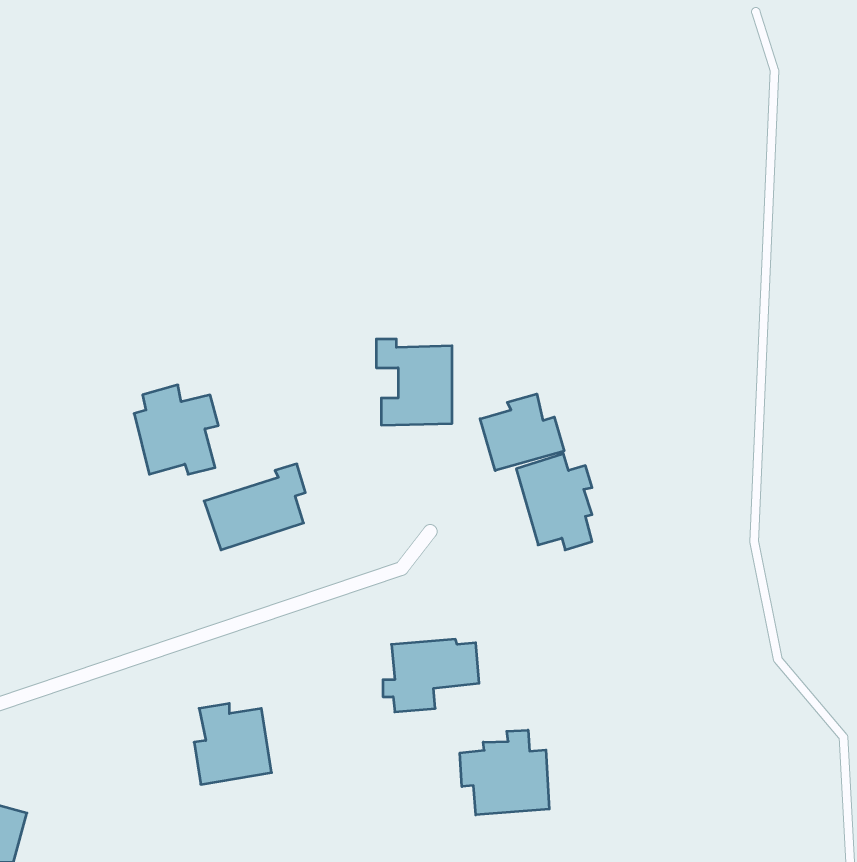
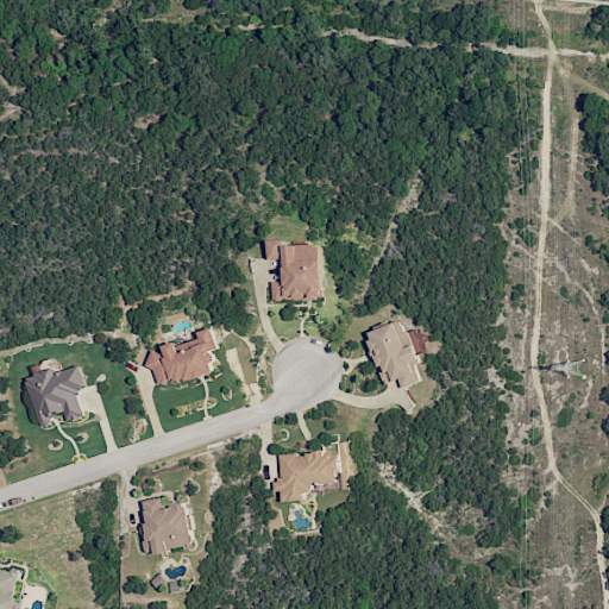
building: [134,385,218,474] -> [24,358,83,421]
building: [480,394,564,471] -> none
building: [460,730,549,815] -> none

